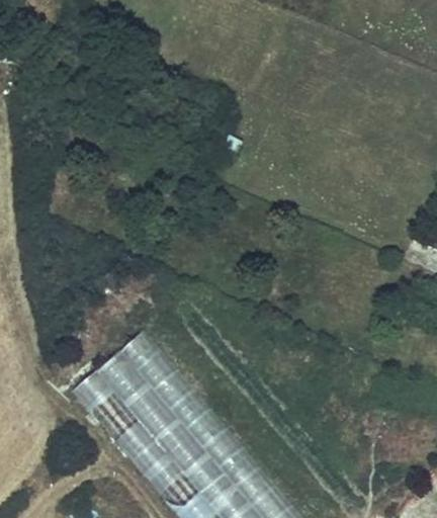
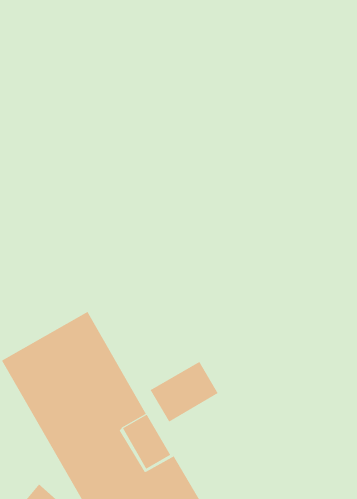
building: none -> [150,361,219,422]

